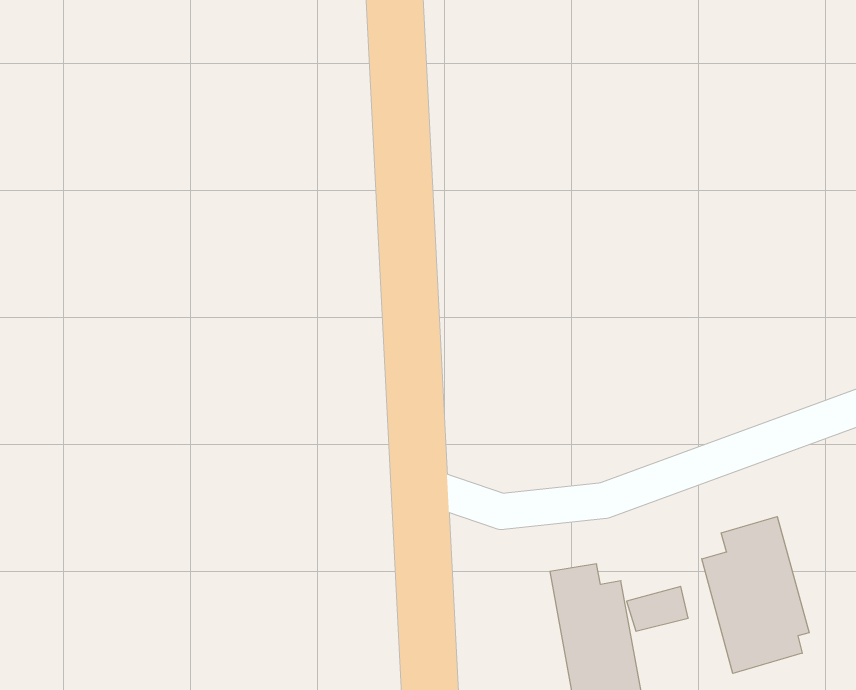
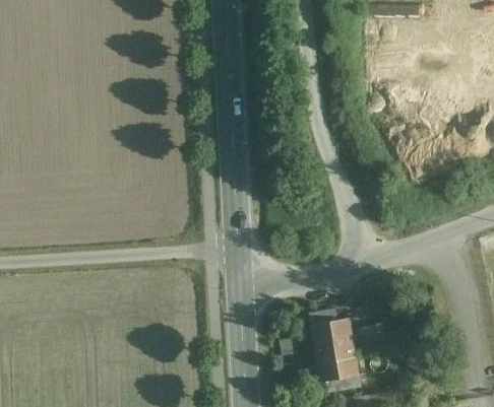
building: [702,517,809,673] -> none

